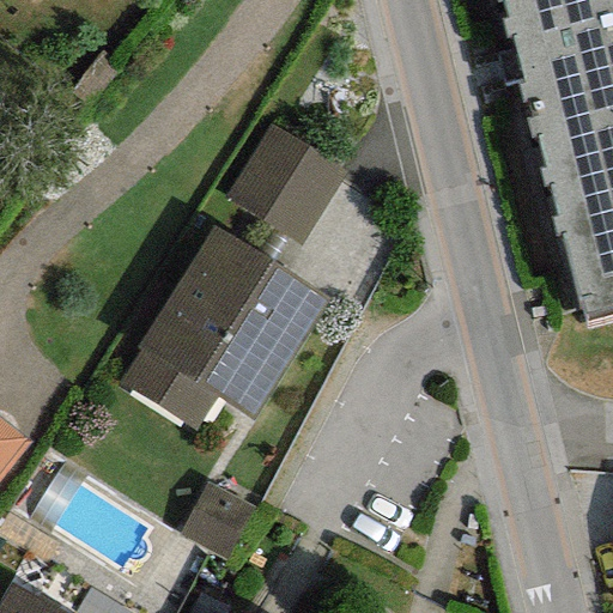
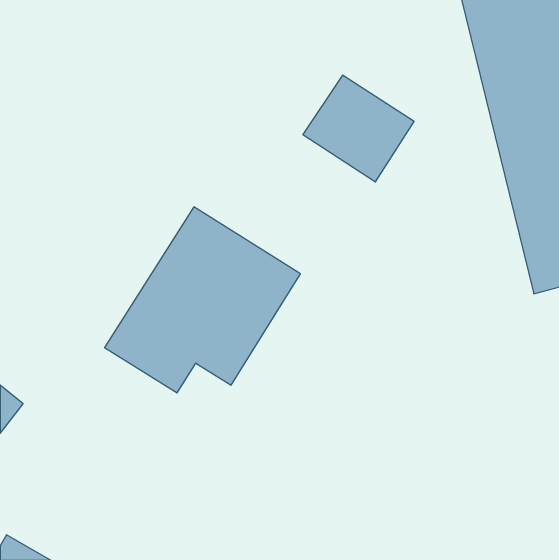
building: [225,126,346,242] -> [303,75,414,182]

